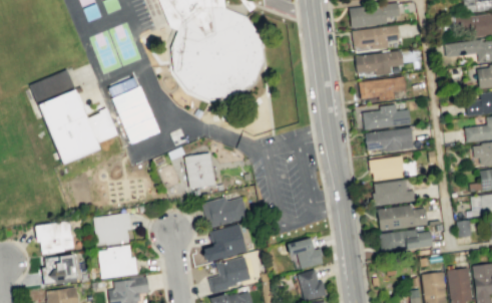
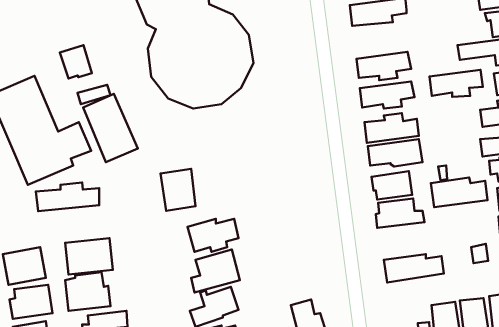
building: [352,25,399,49] -> [429,70,483,97]
building: none -> [60,45,92,79]
building: none -> [36,182,99,211]
building: [377,205,427,231] -> [431,178,487,207]
building: [297,240,329,272] -> none

